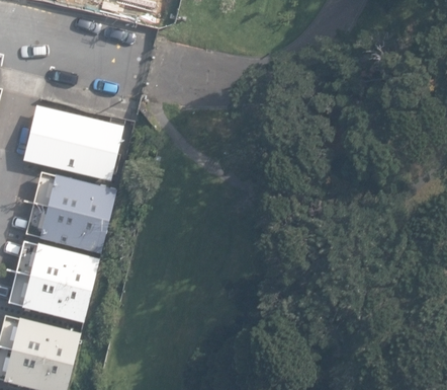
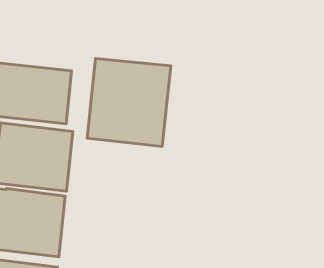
building: none -> [87,58,171,147]

